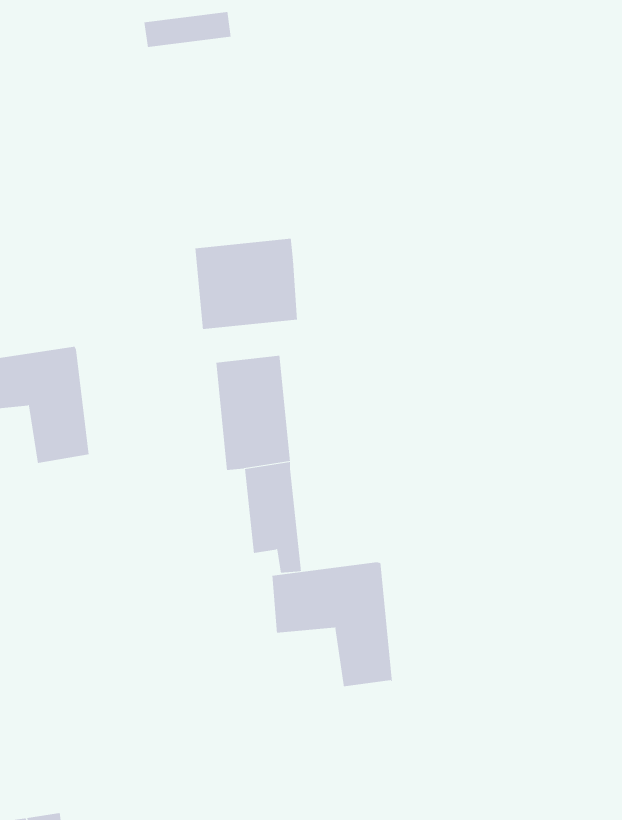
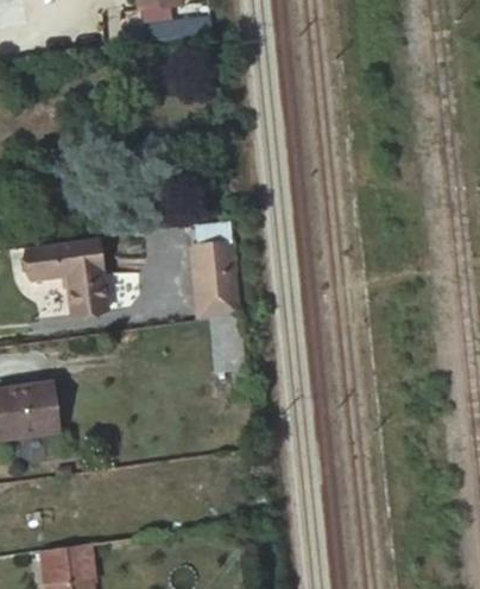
building: [195,238,297,330] -> none
building: [272,562,393,687] -> none

